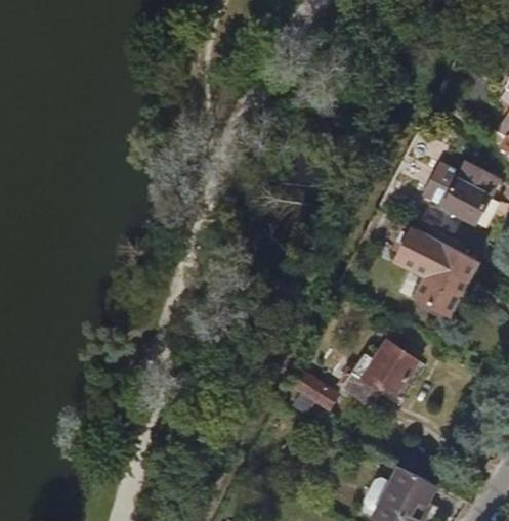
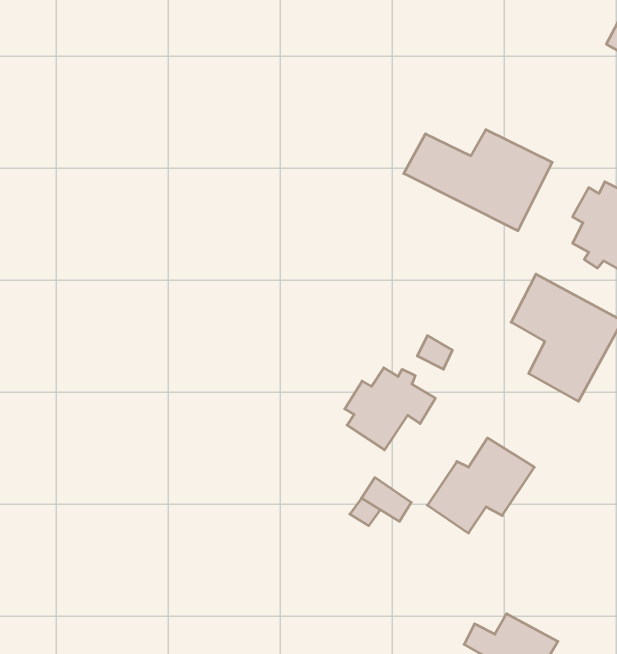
building: none -> [404,130,552,231]
building: none -> [345,368,435,450]

